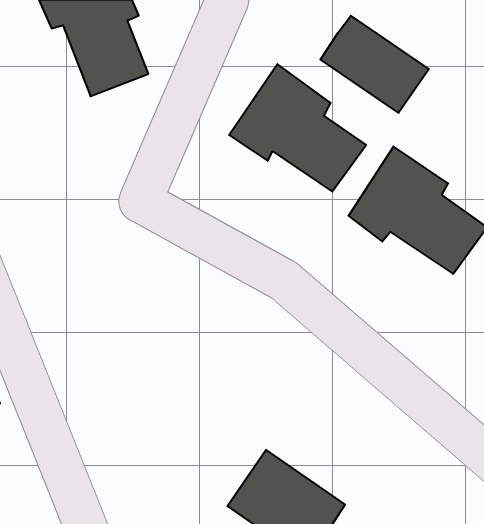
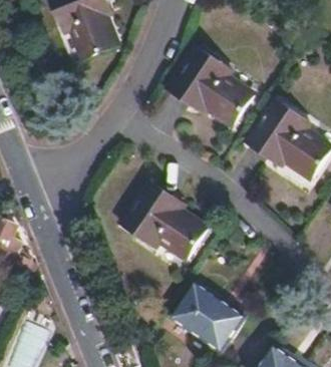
building: [320,16,429,113] -> none
building: none -> [121,183,205,261]

